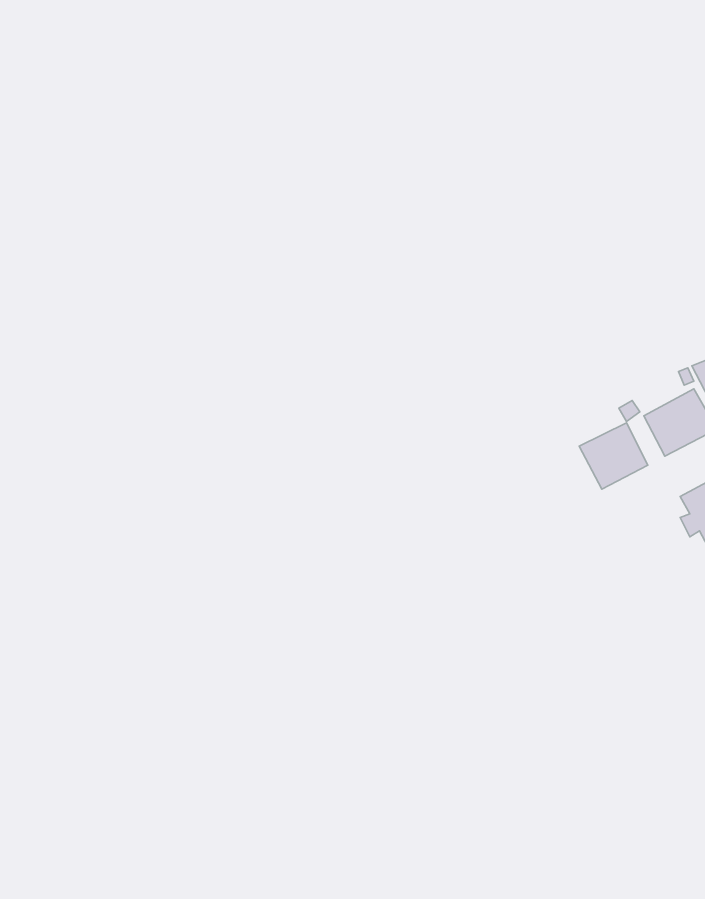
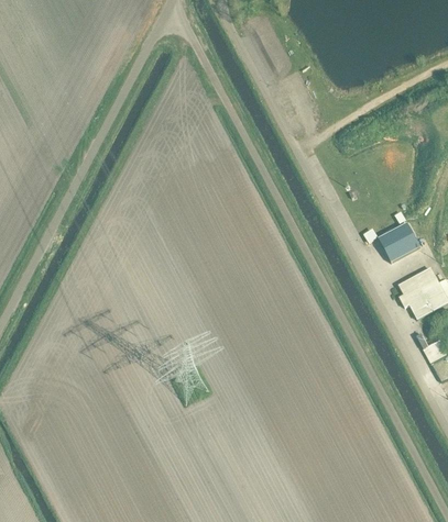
building: [579,423,648,489] -> none

